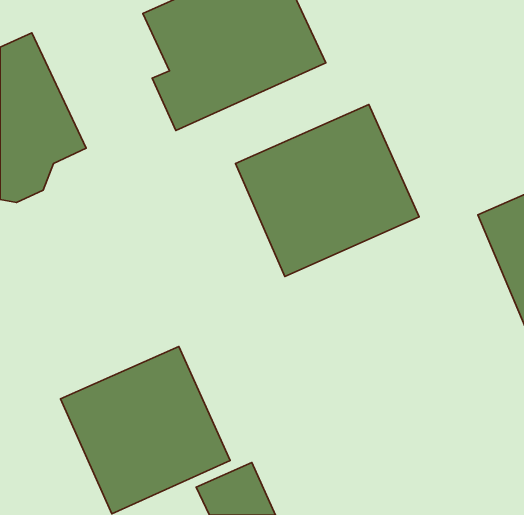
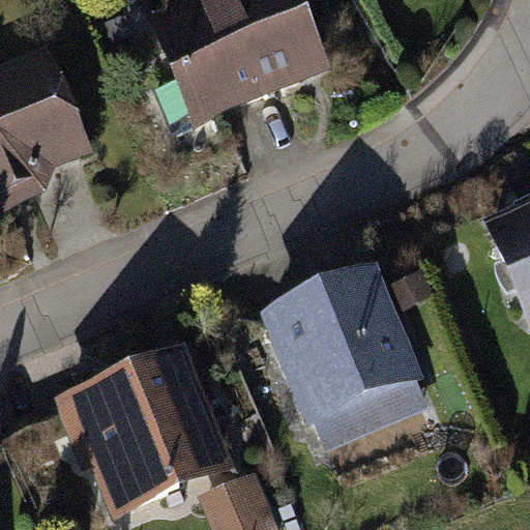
building: [235,105,419,277] -> none
building: none -> [258,264,433,446]

